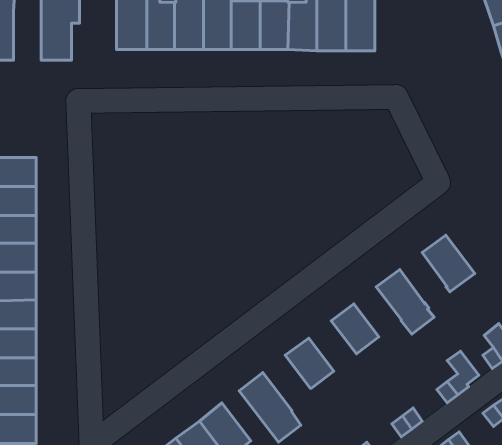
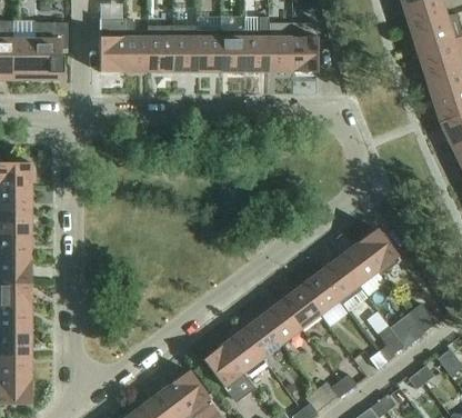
building: none -> [12,39,36,80]
building: none -> [338,242,378,286]
building: none -> [299,271,339,314]
building: none -> [261,300,301,342]
building: none -> [222,329,267,376]

